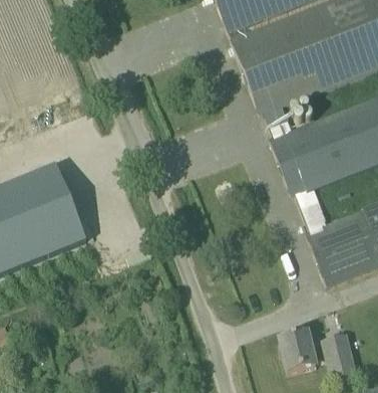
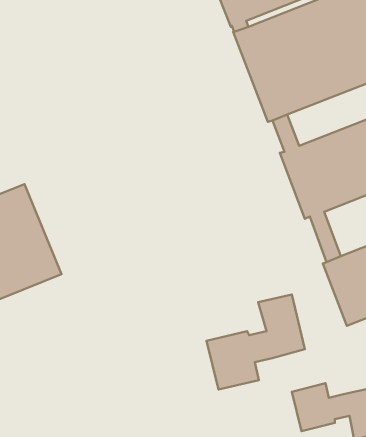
building: none -> [206,294,305,390]

